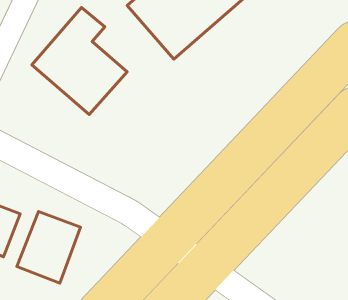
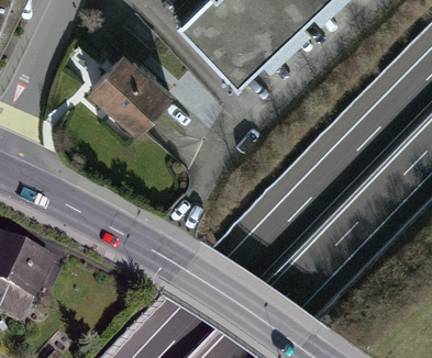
building: [17,211,81,283] -> none

